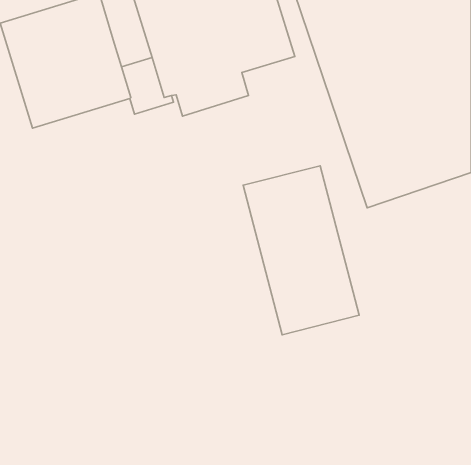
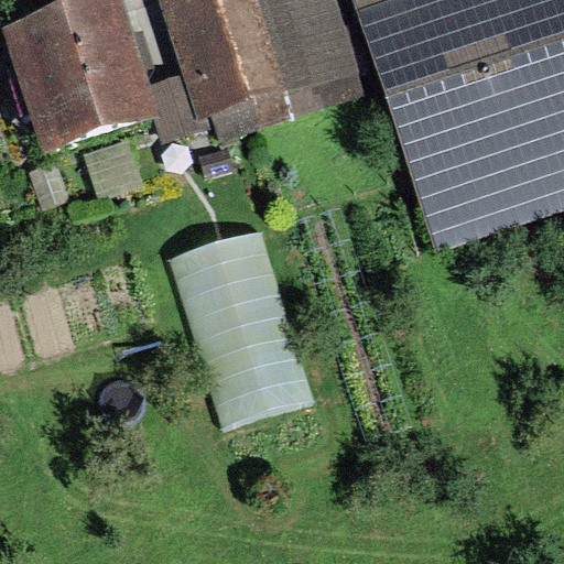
building: [243,166,359,335] -> [177,225,315,425]

